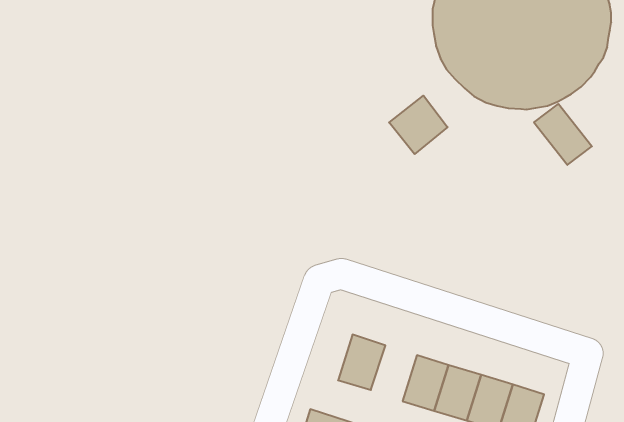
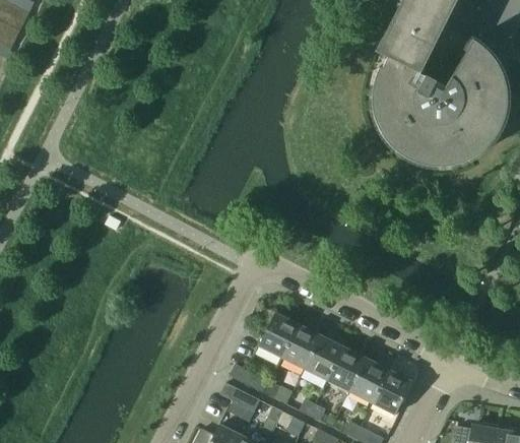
building: [389,96,448,154] -> none
building: [534,104,592,165] -> none
building: none -> [282,326,321,370]

